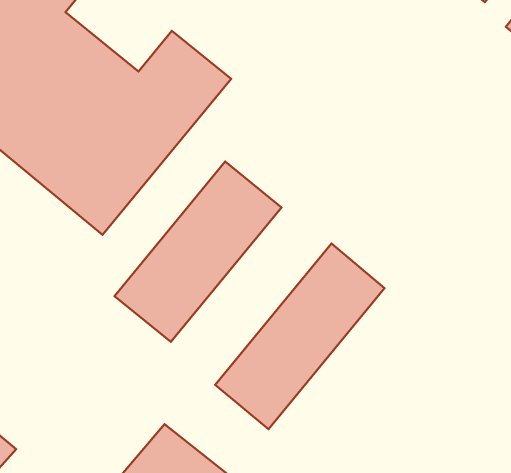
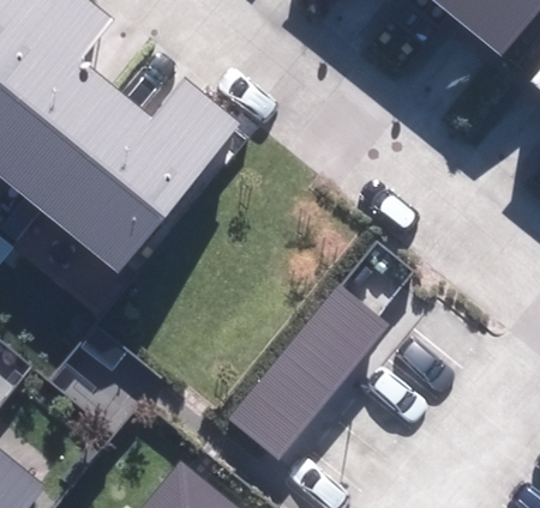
building: [114,162,281,342] -> none

